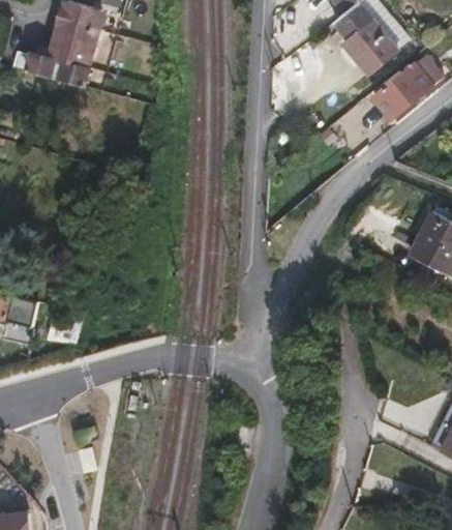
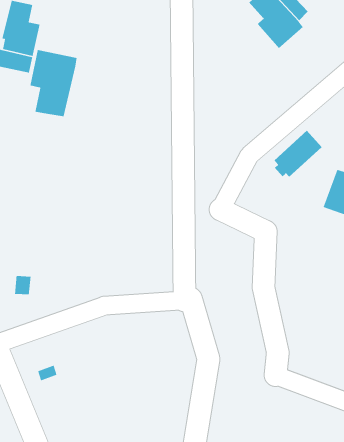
building: none -> [30,49,77,117]
building: [375,64,432,118] -> [273,130,322,178]

